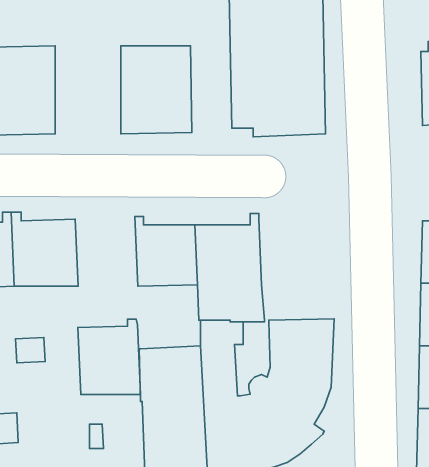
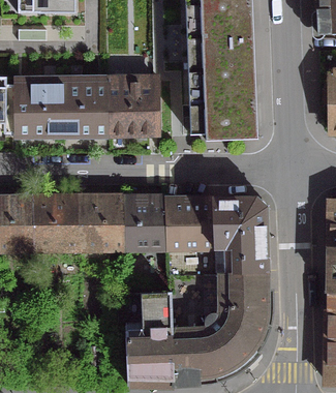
building: none -> [62,73,110,138]
building: none -> [210,199,265,274]
building: [78,319,140,394] -> [77,193,122,248]

